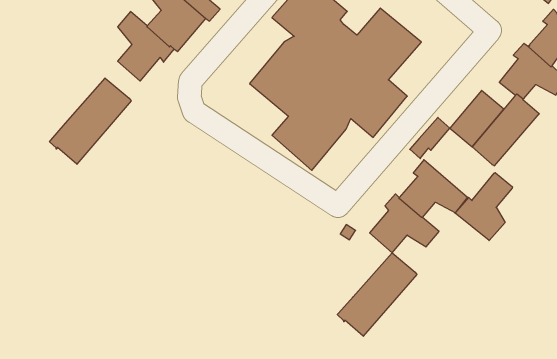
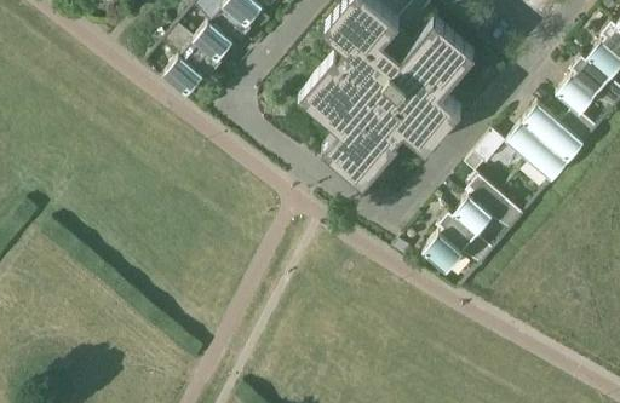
building: [50,78,131,164] -> none
building: [455,173,512,241] -> none
building: [337,253,417,336] -> none

